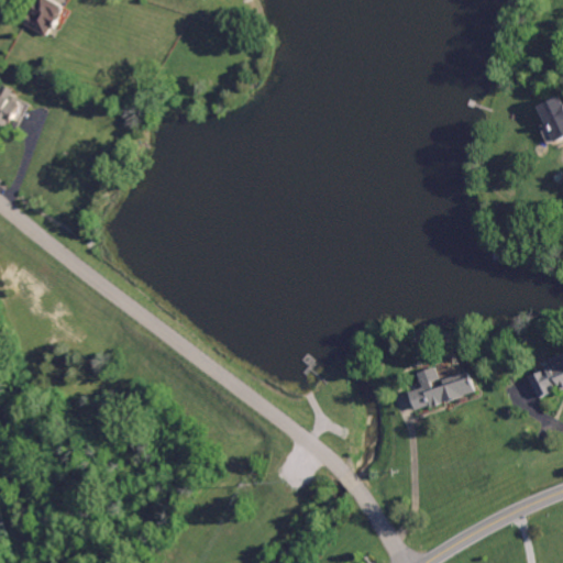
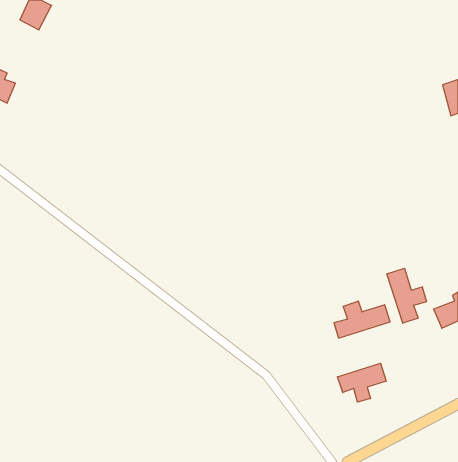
building: none -> [387,268,427,323]
building: none -> [337,363,386,402]

